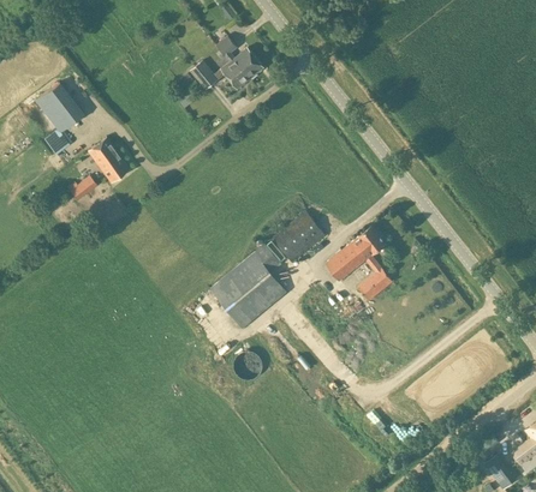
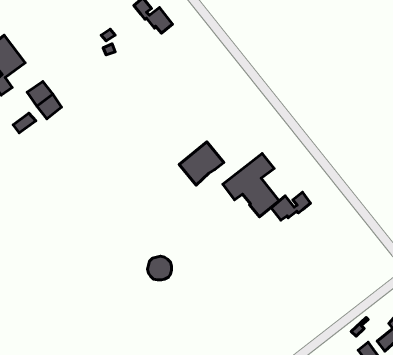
building: [190,60,250,90] -> none
building: [209,245,287,329] -> none
building: none -> [271,192,310,220]

